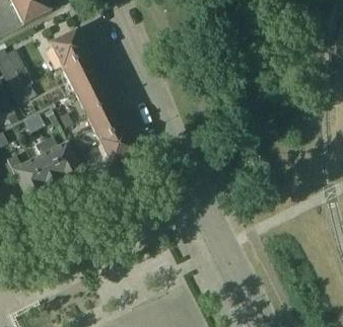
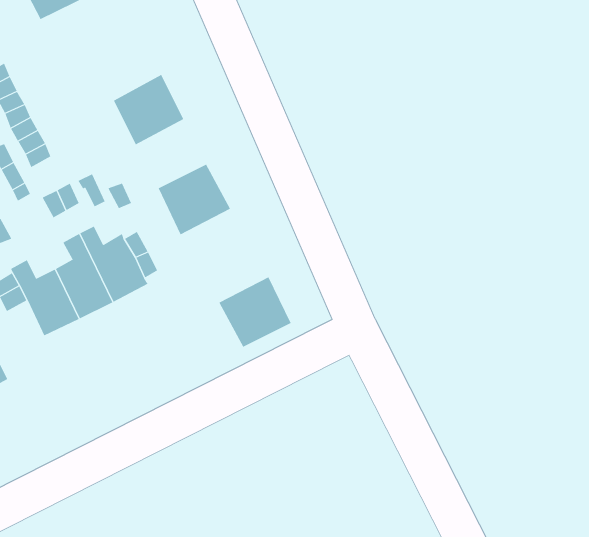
building: [50,27,89,67] -> none
building: [75,77,114,114] -> none
building: [99,126,139,164] -> [218,276,291,348]

